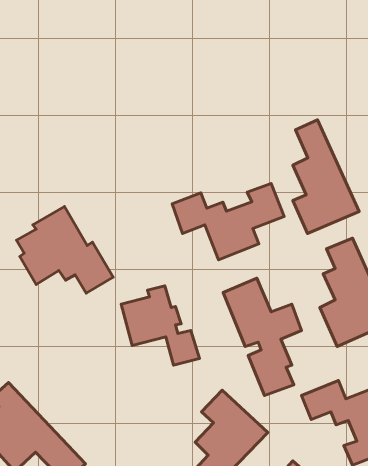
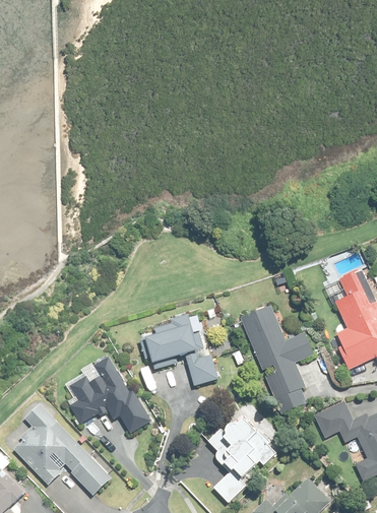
building: [293,120,359,234] -> none
building: [172,183,284,260] -> none
building: [17,206,113,293] -> [65,352,155,434]

